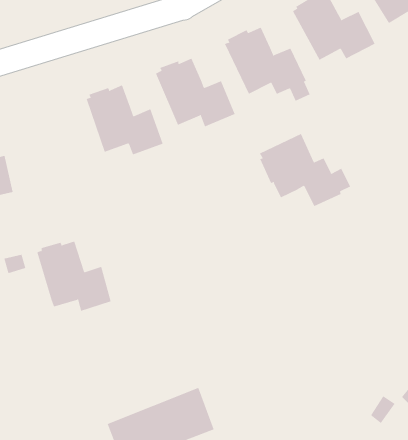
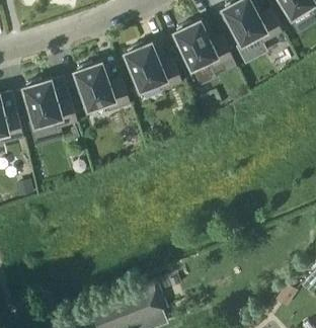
building: [259,133,351,207] -> none
building: [37,241,112,311] -> [24,79,78,130]

